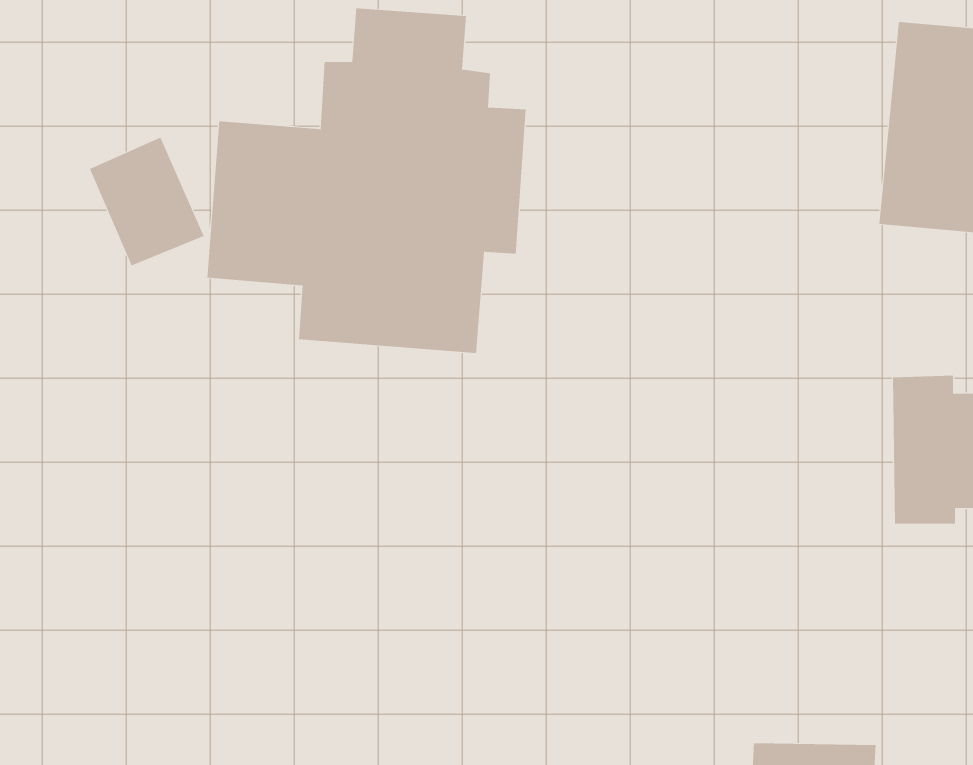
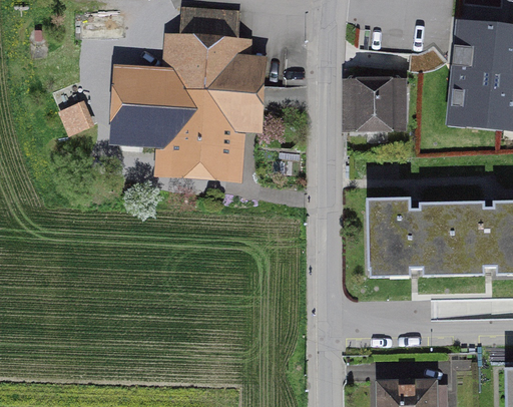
building: none -> [356,80,407,127]
building: none -> [367,193,453,275]

